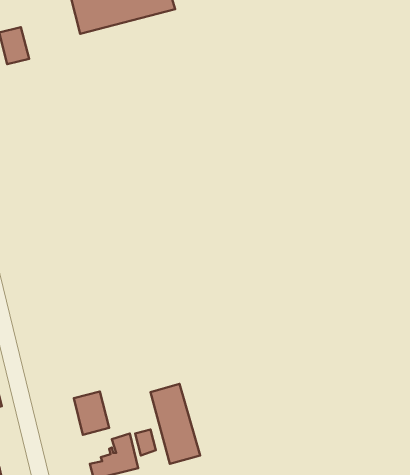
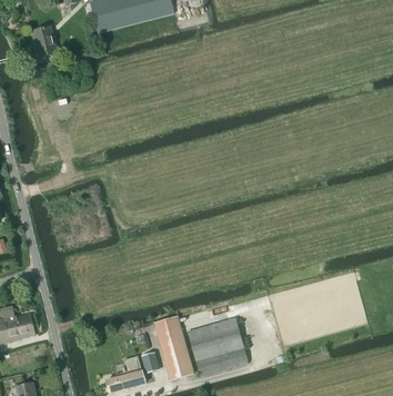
building: none -> [188,317,248,376]
building: [74,391,109,435] -> none

